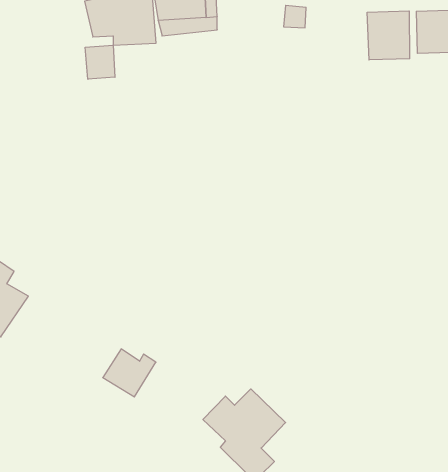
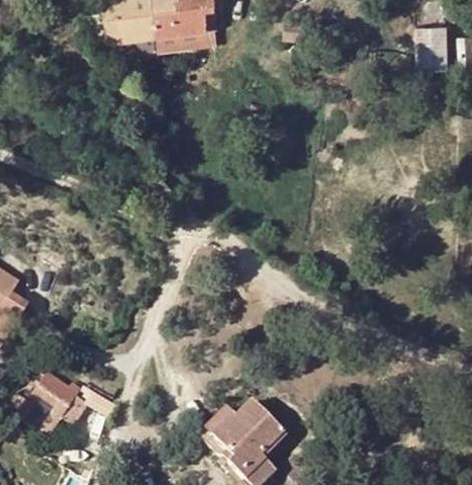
building: [367,11,410,60] -> none
building: [85,45,115,79] -> none
building: [103,349,156,397] -> [29,373,82,420]

